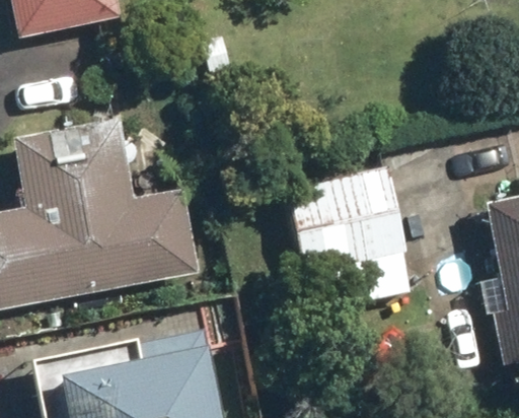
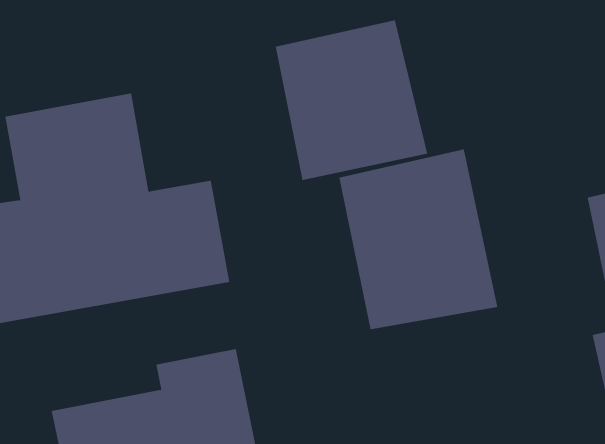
building: none -> [275,19,428,181]

